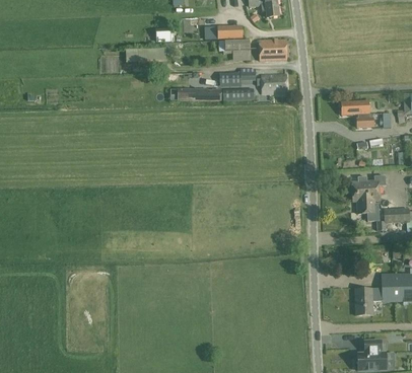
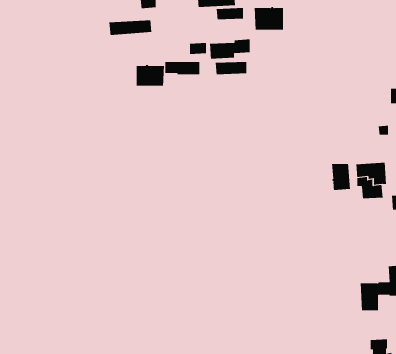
building: [262,74,286,93] -> none
building: none -> [136,64,164,86]
building: [340,100,372,127] -> none
building: none -> [332,163,350,191]

